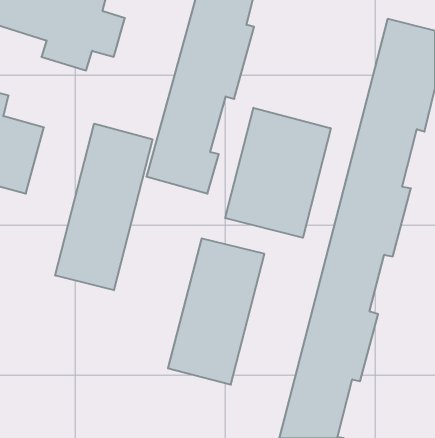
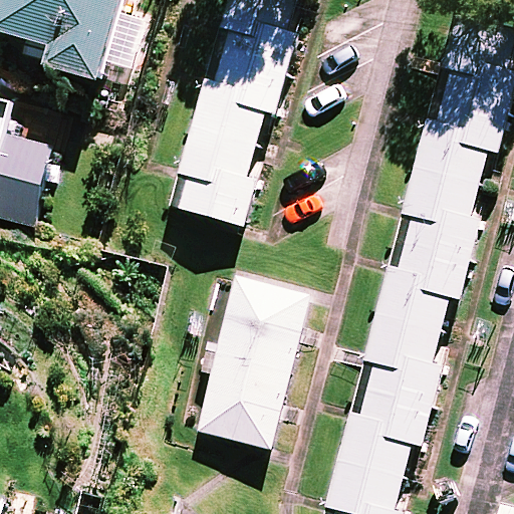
building: [225,108,331,238] -> none
building: [55,124,152,290] -> none

